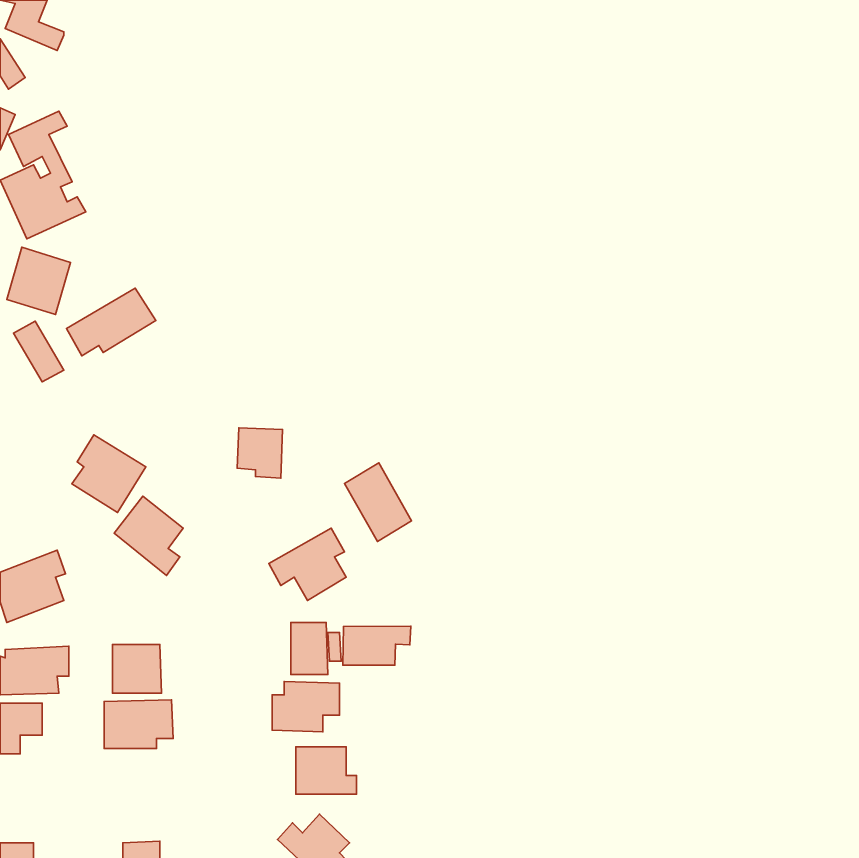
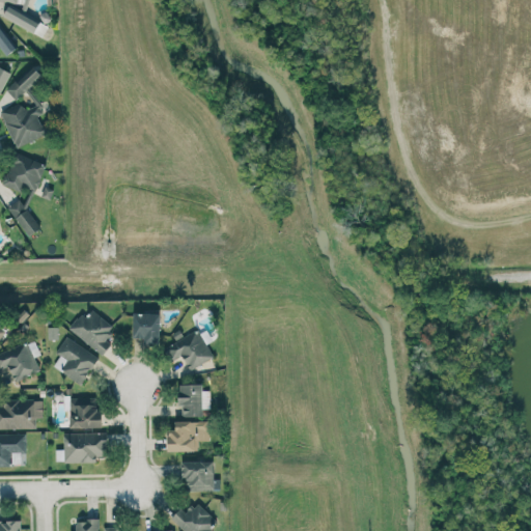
building: [67,288,156,356] -> none
building: [237,428,283,478] -> [133,313,161,344]
building: [72,435,146,512] -> [53,337,99,385]
building: [345,463,412,542] -> none
building: [343,626,411,665] -> none

